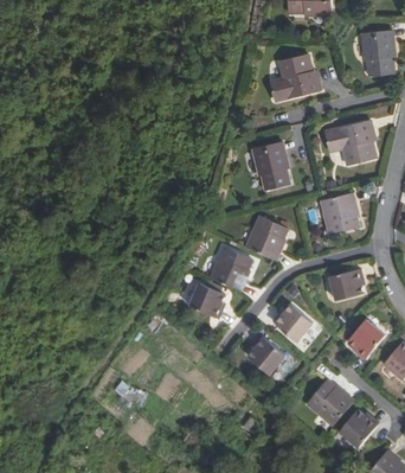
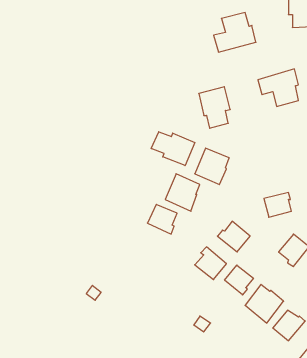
building: [320,193,358,234] -> none
building: none -> [151,132,195,166]
building: none -> [225,265,253,295]

